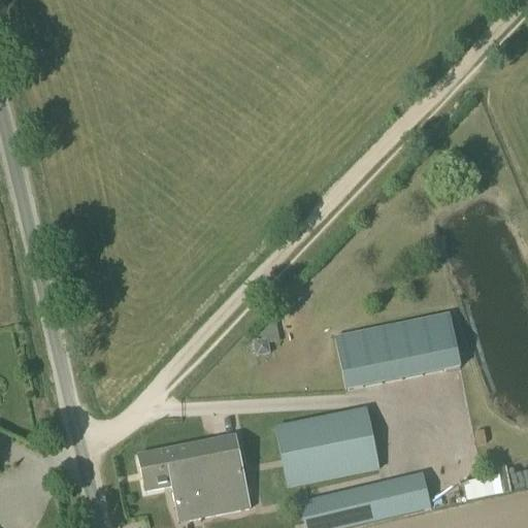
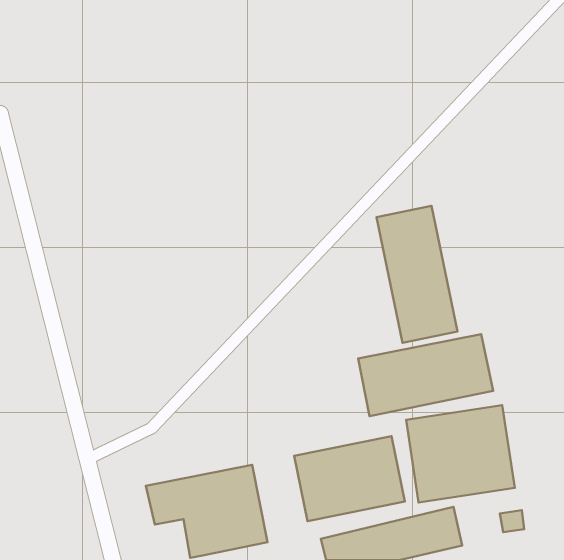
building: none -> [377,206,457,343]
building: none -> [406,405,515,502]

